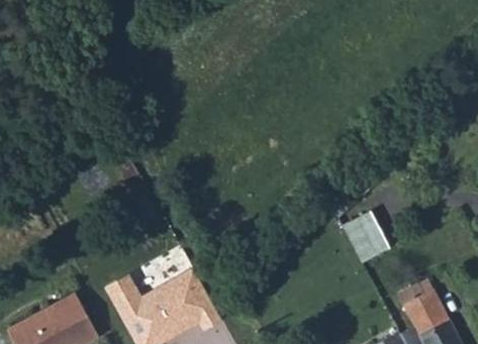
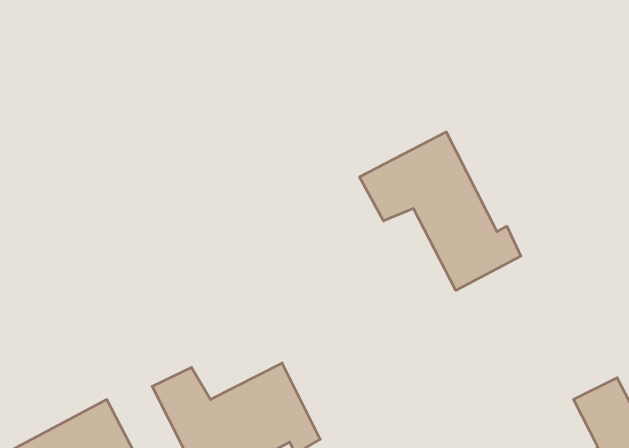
building: none -> [360,132,521,290]
building: [343,211,389,263] -> none

